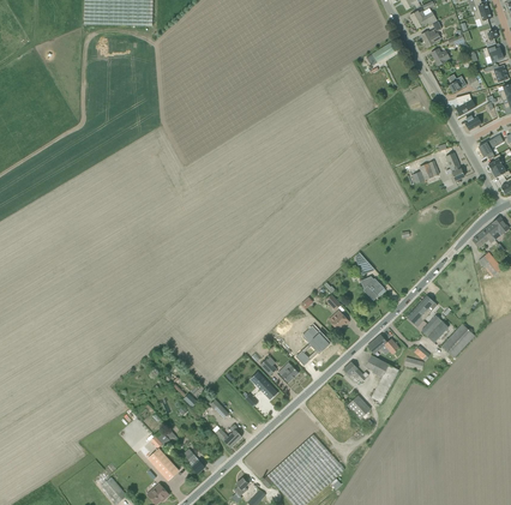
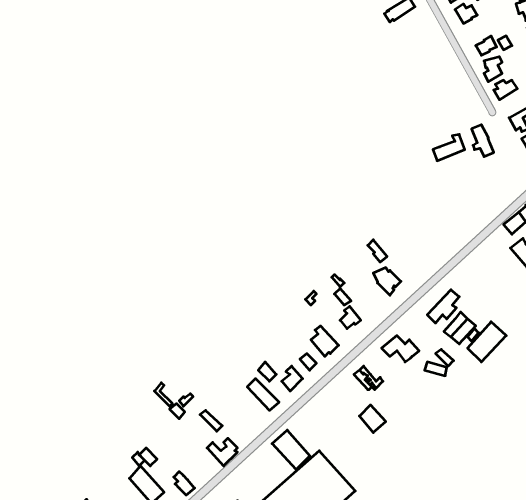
building: [366,354,399,402] -> none
building: none -> [272,430,310,470]

